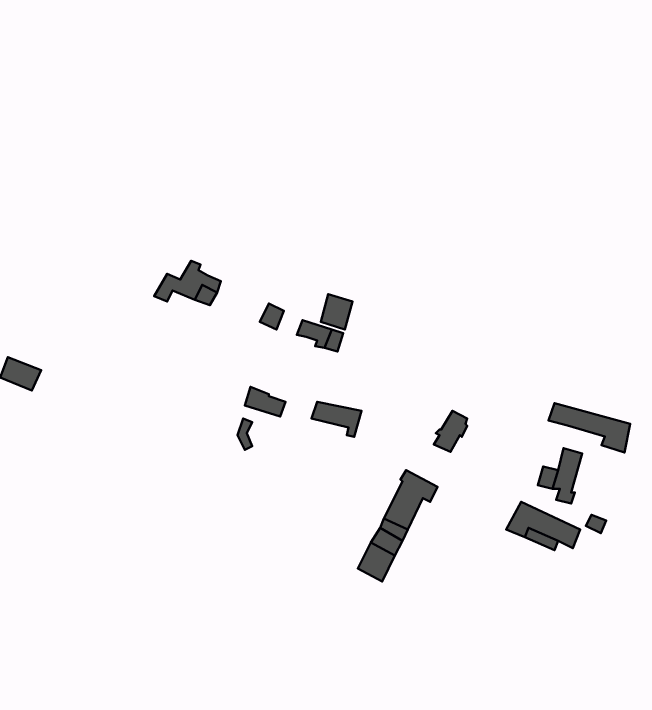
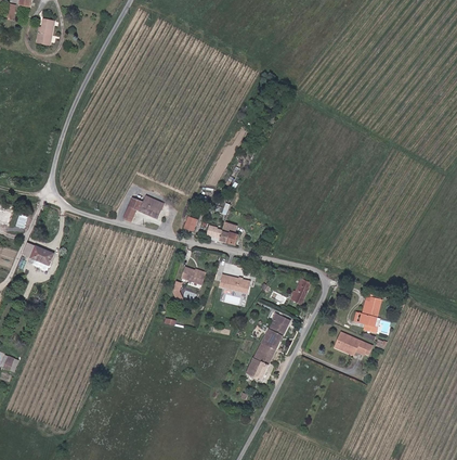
building: [548,403,630,453] -> none

